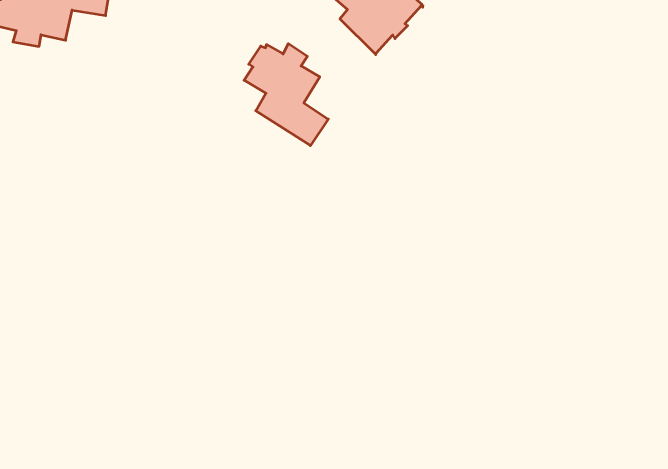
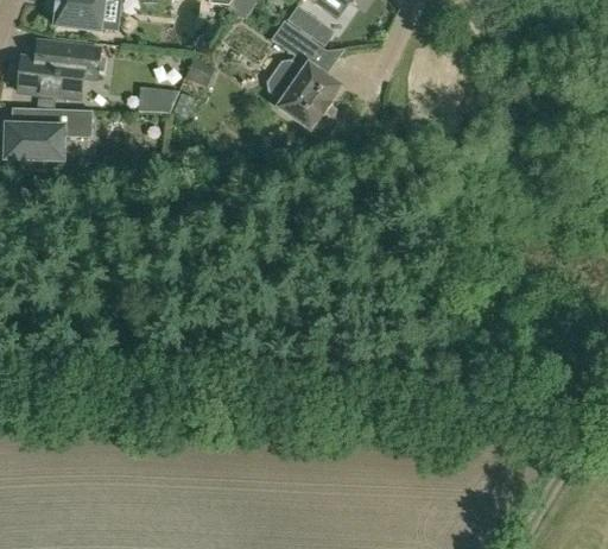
building: [244,44,328,146] -> none

